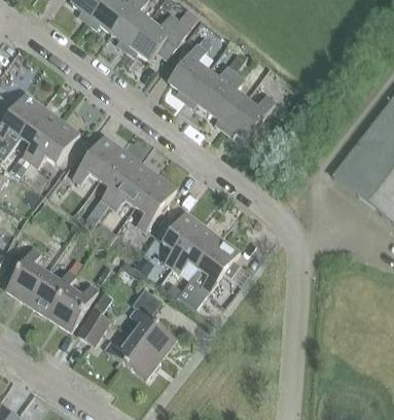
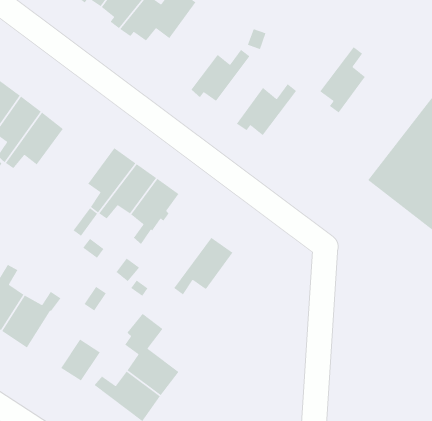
building: [169,36,211,100] -> none
building: [207,72,246,129] -> [319,46,366,114]
building: [72,135,121,183] -> none
building: [162,210,203,267] -> none
building: [177,237,240,309] -> none
building: [48,283,98,330] -> none

